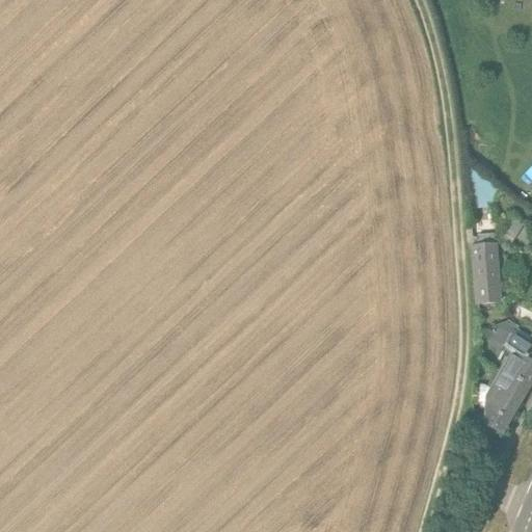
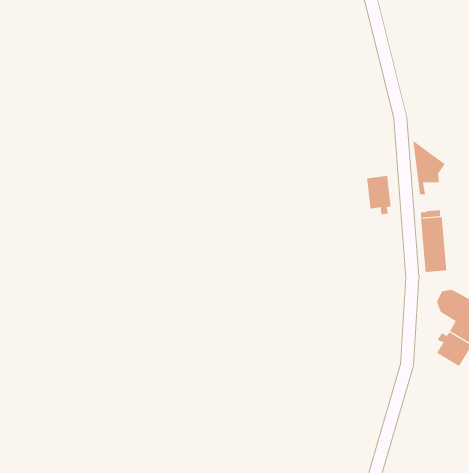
building: none -> [366,175,391,215]
building: [479,395,515,433] -> none

